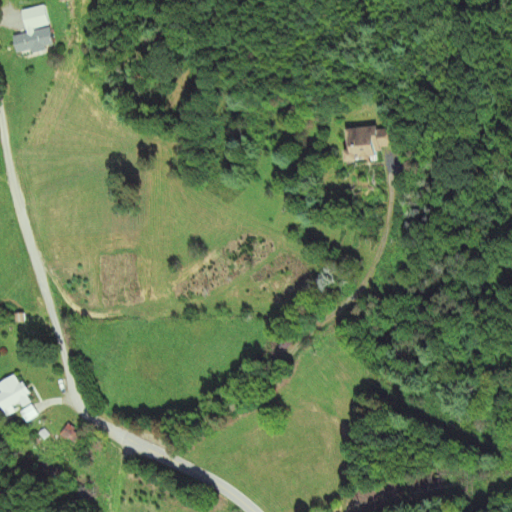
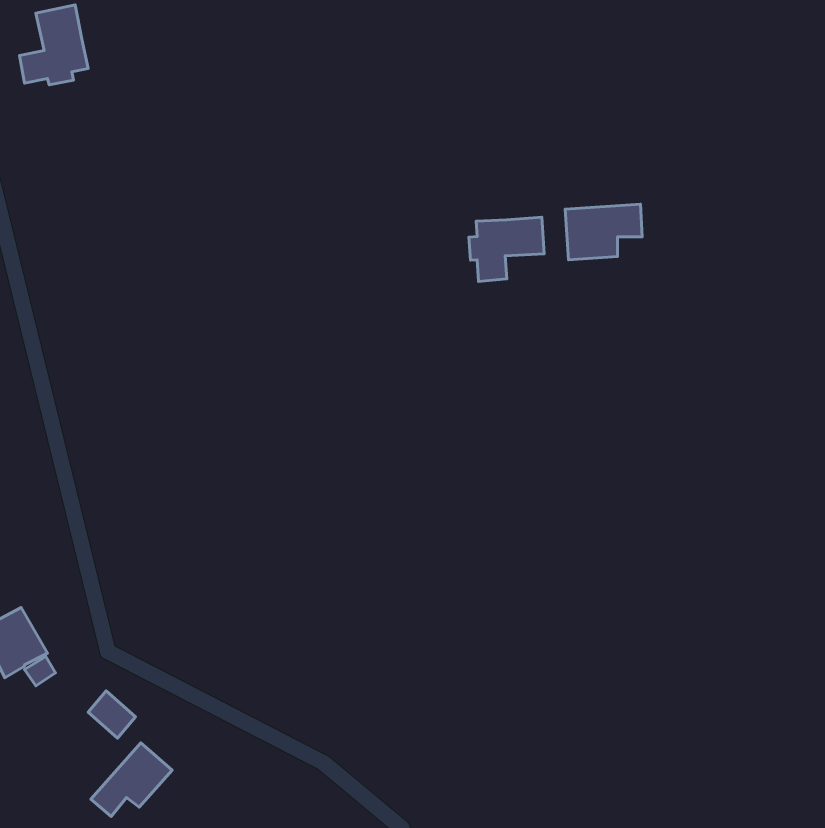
building: none -> [469,217,544,282]
building: none -> [91,743,172,817]

